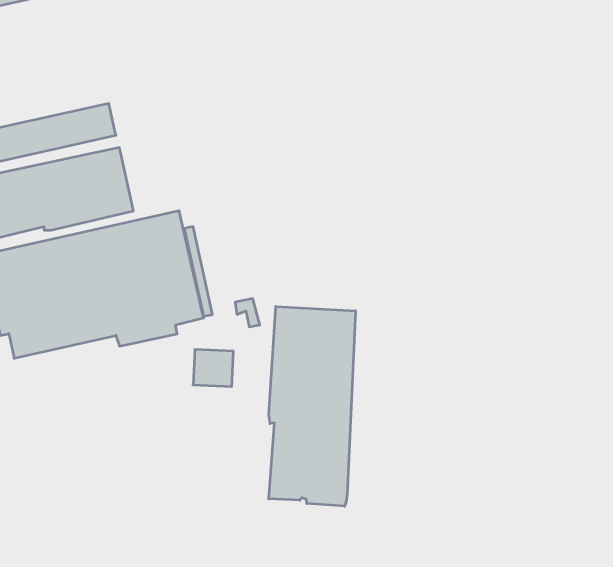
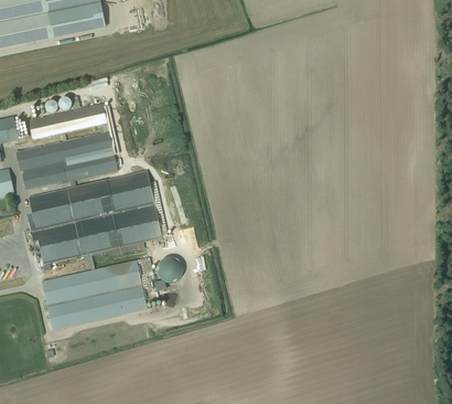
building: [269,306,355,506] -> none
building: none -> [42,259,147,329]

